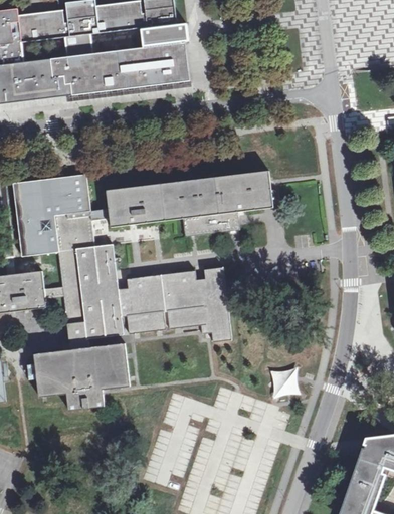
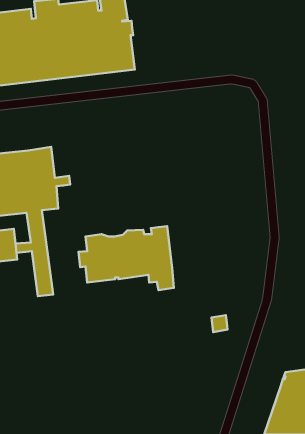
building: [107,170,273,236] -> none
building: [75,244,124,338] -> none
building: [34,343,130,410] -> none

